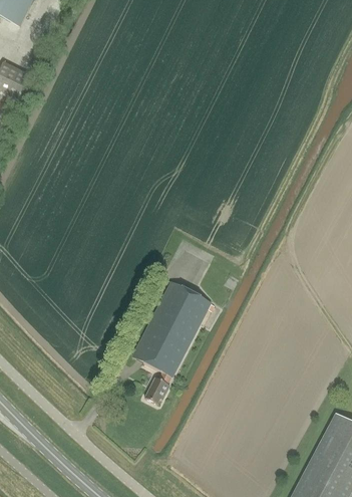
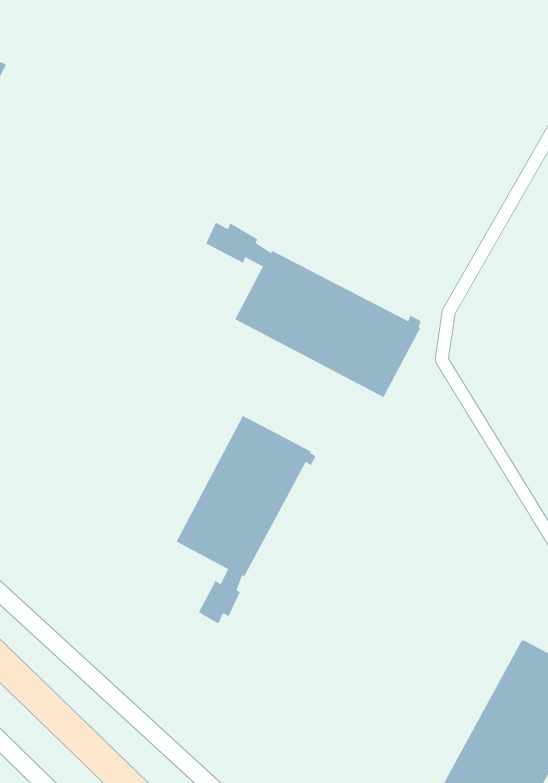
building: none -> [205,222,422,398]

